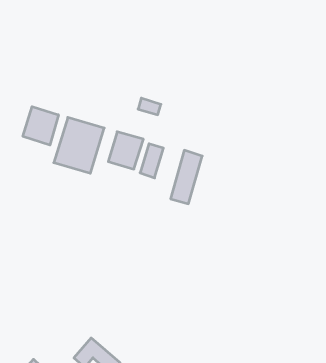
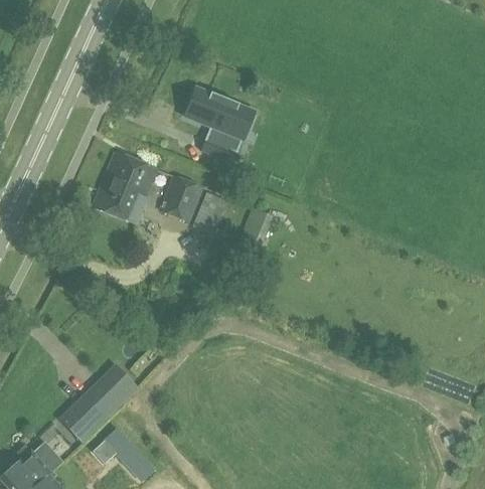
building: none -> [185,88,255,141]
building: [23,107,58,145] -> none
building: none -> [63,369,134,440]

